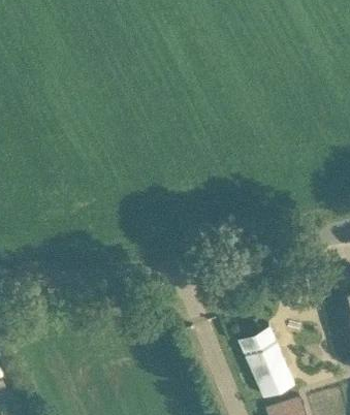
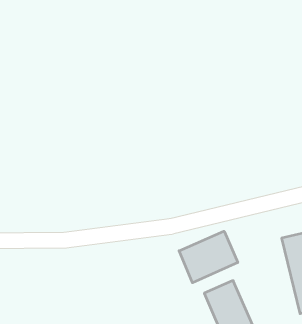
building: none -> [179,231,238,283]

